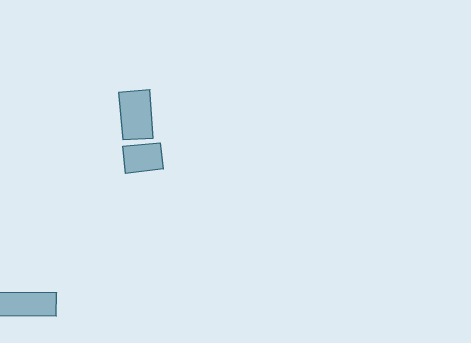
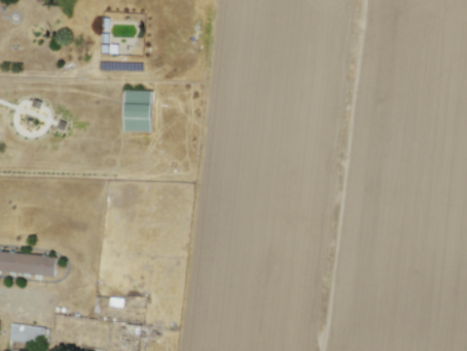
building: [123,143,163,173] -> none

